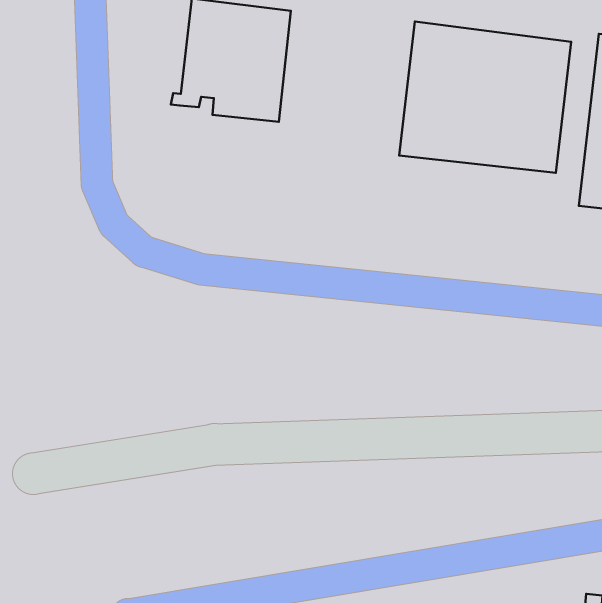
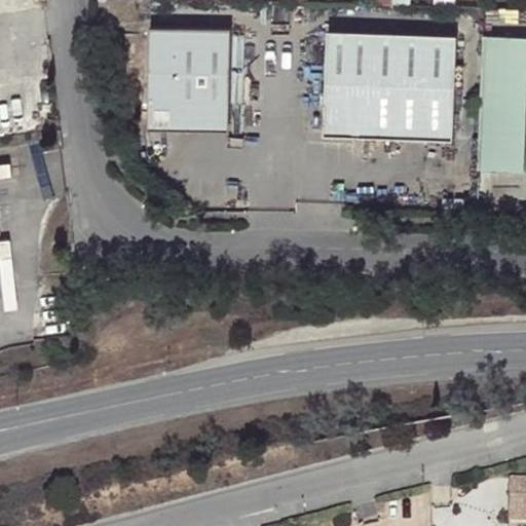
building: none -> [150,106,231,132]

